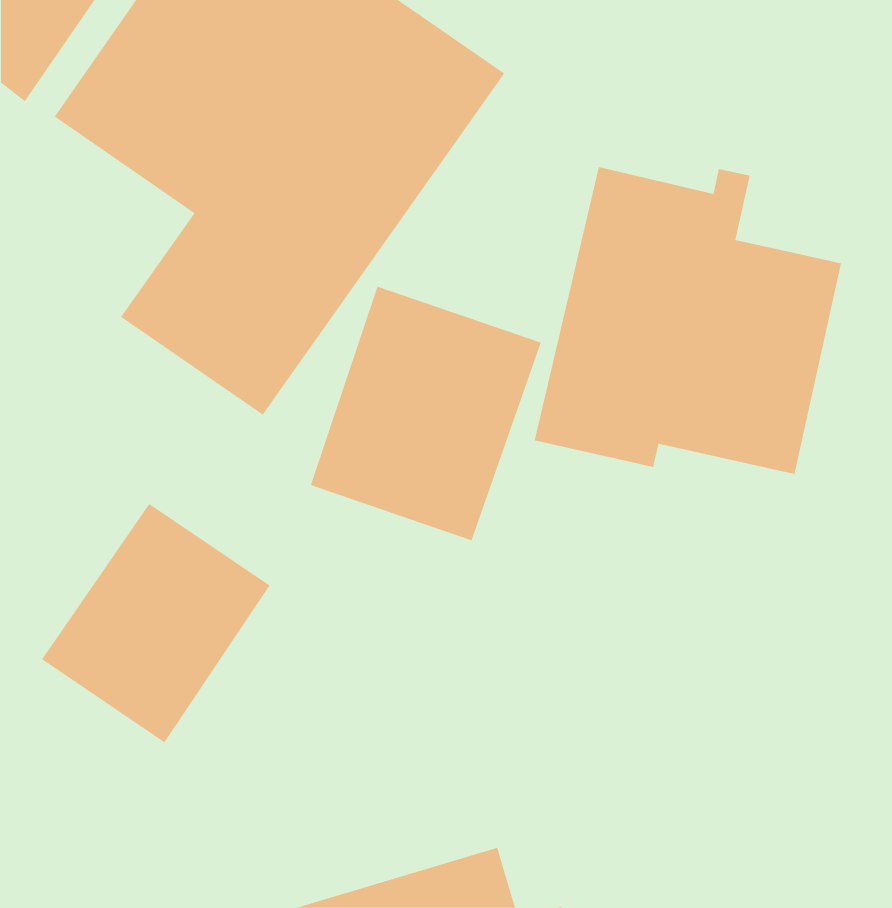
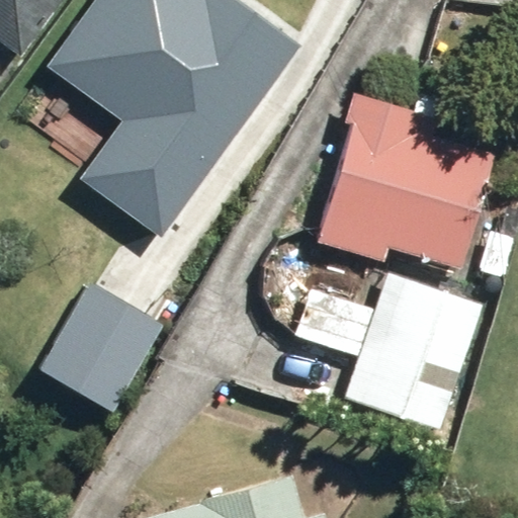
building: [310,286,541,541] -> none
building: none -> [290,272,483,429]

